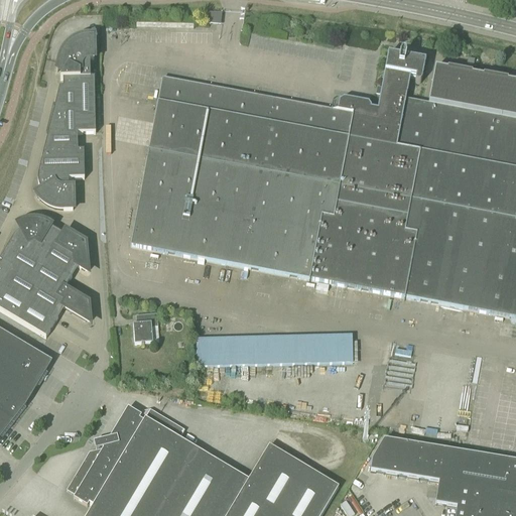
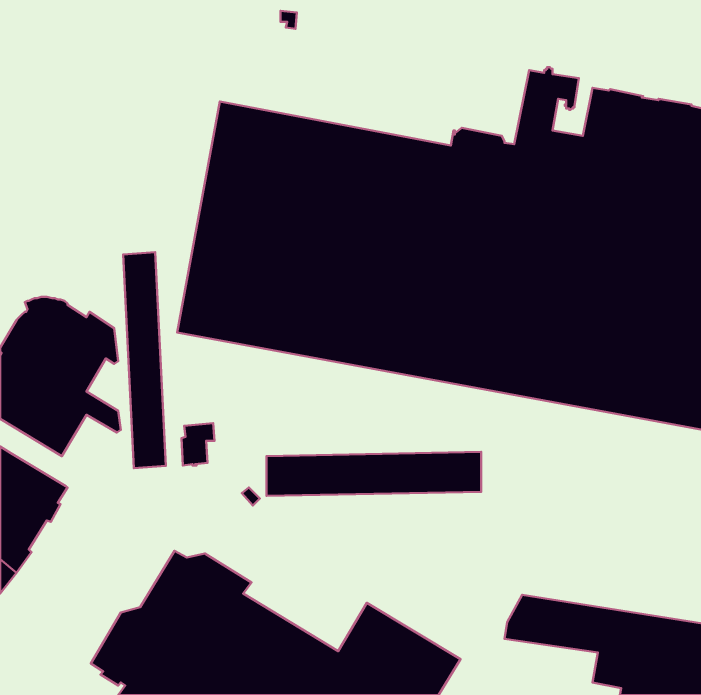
building: [36,34,96,207] -> none
building: none -> [123,252,166,468]

